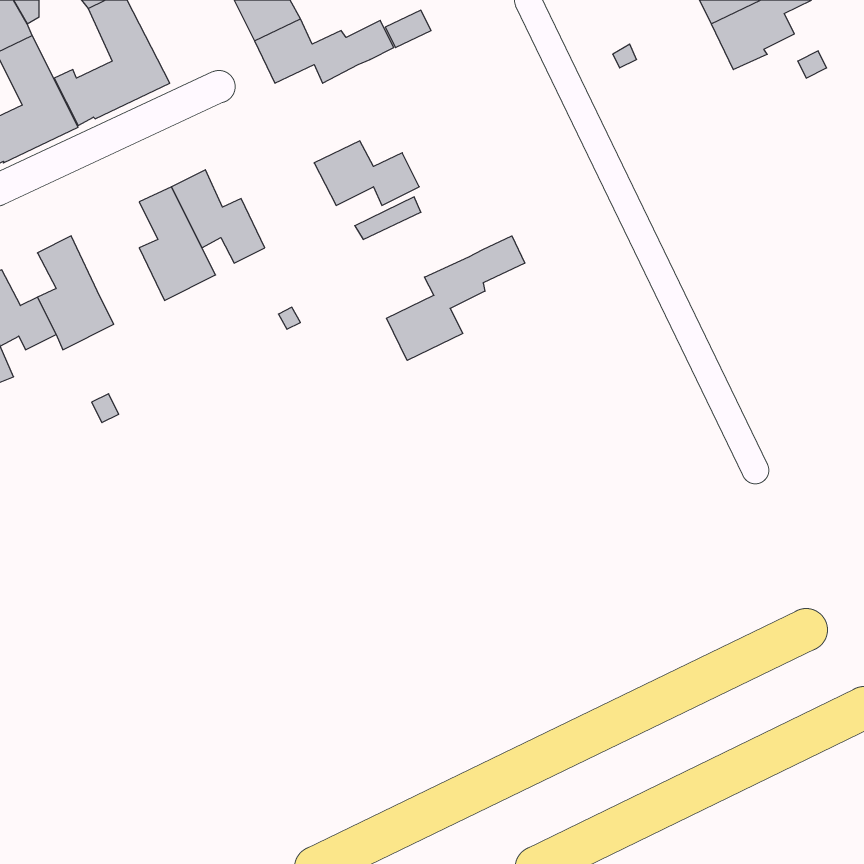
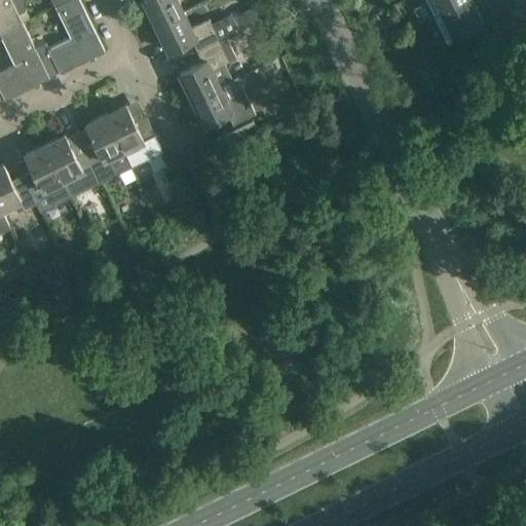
building: none -> [178,38,234,101]
building: none -> [43,136,100,198]
building: [387,236,525,360] -> none

